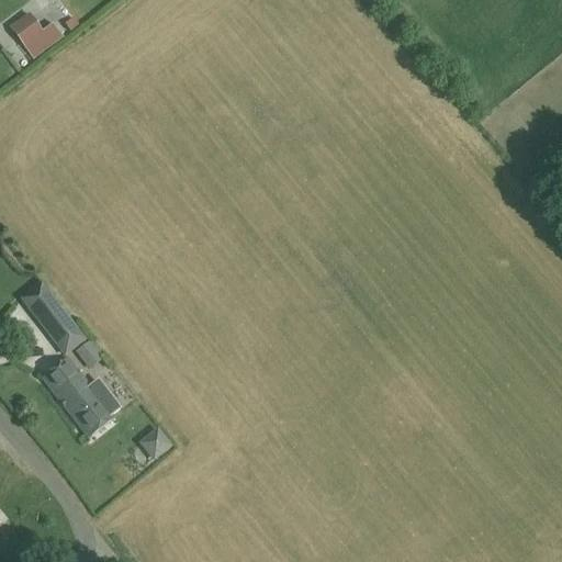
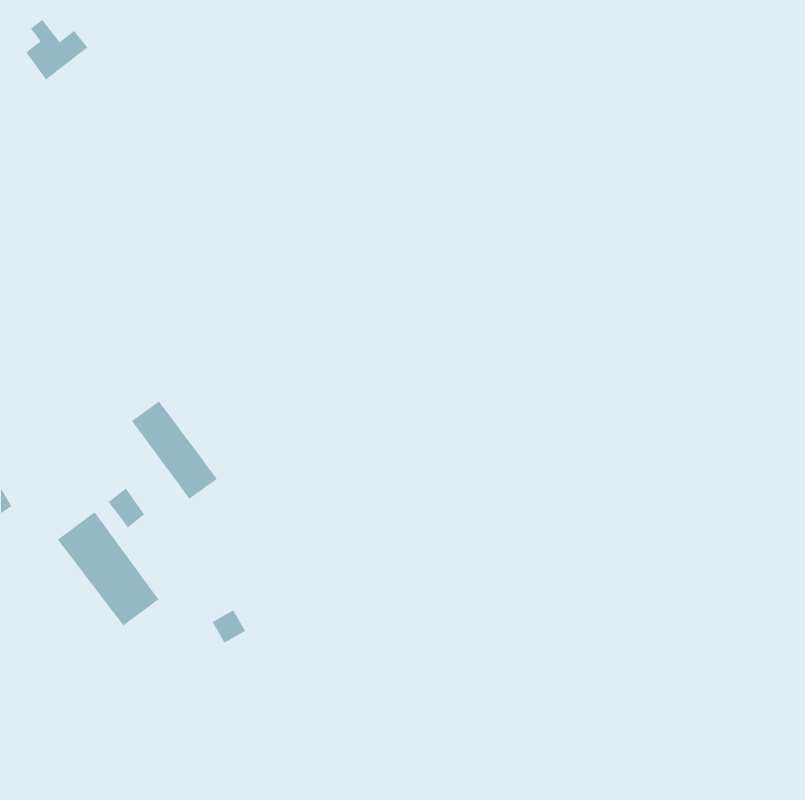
building: [23,283,83,352] -> [131,400,218,500]

